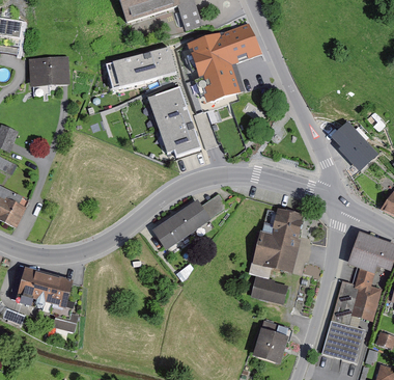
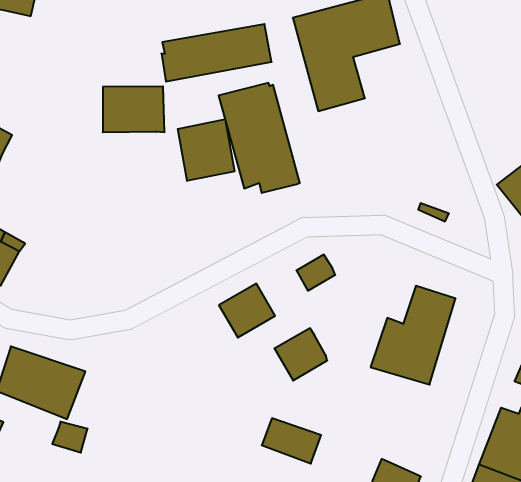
building: [28,56,69,88] -> [103,86,165,132]
building: none -> [178,119,235,181]
building: [178,199,213,234] -> [274,328,327,381]
building: [252,276,289,303] -> [262,418,321,464]

